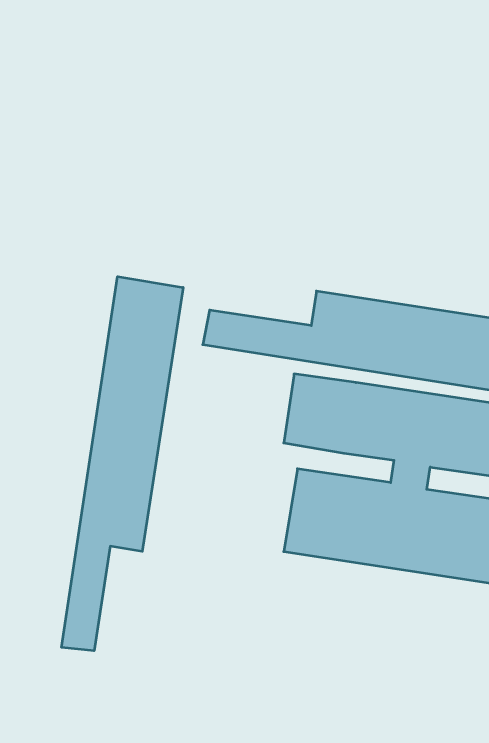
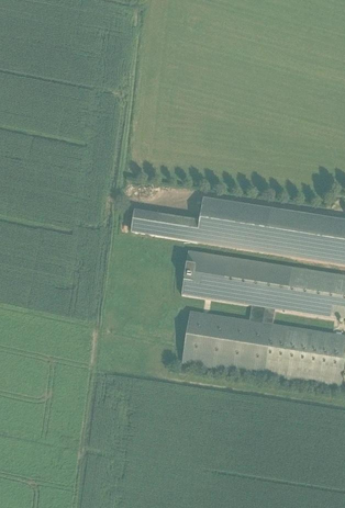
building: [62,277,183,651] -> none

